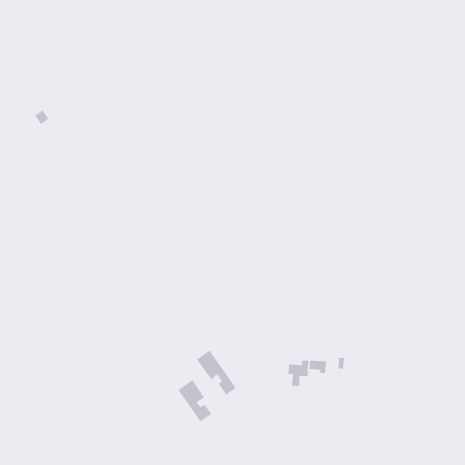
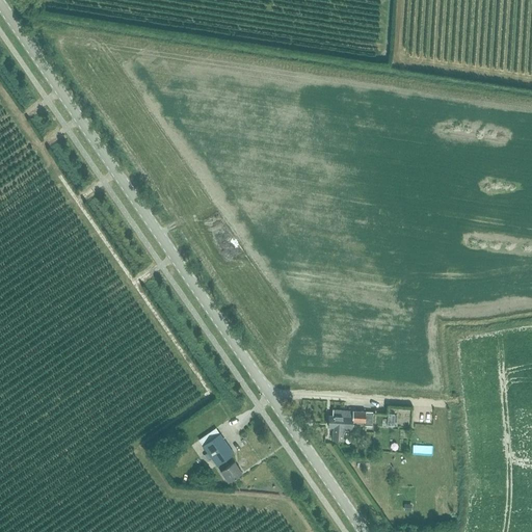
building: [196,350,236,396] -> none

